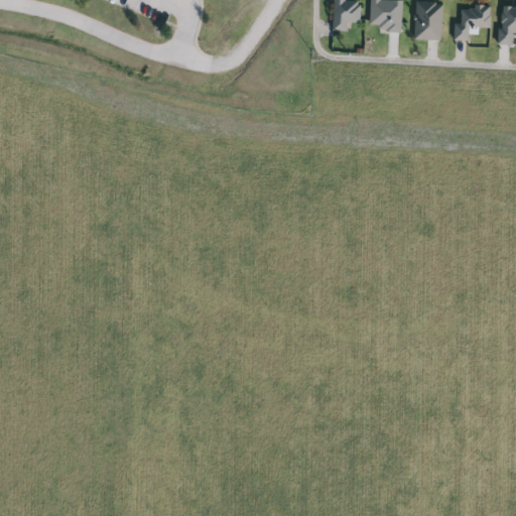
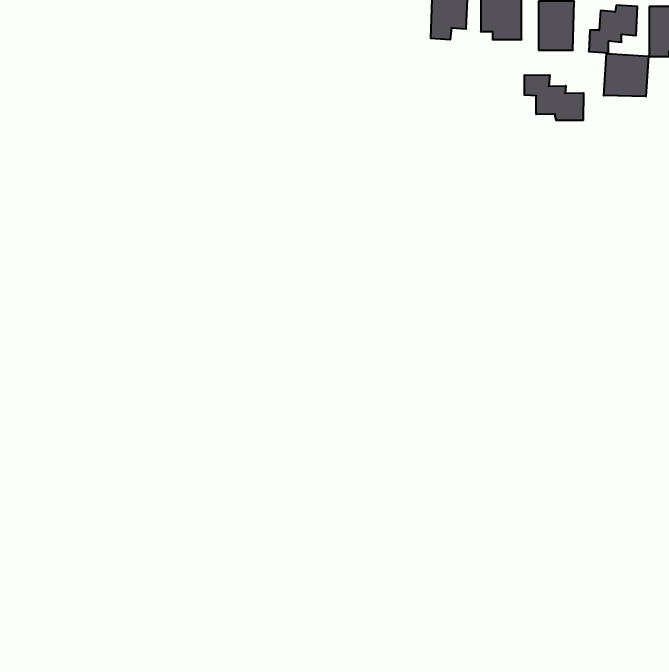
building: none -> [604,53,648,97]
building: none -> [524,75,584,120]

